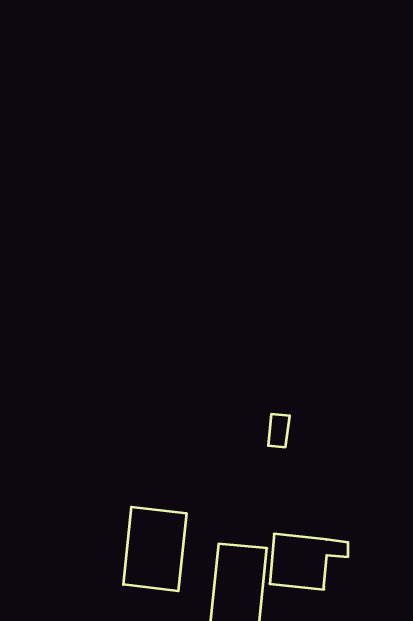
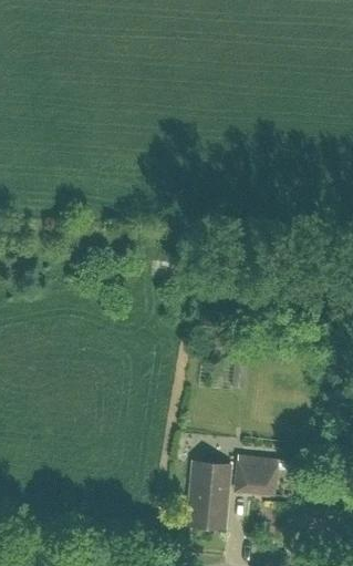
building: [123,507,186,591] -> none

